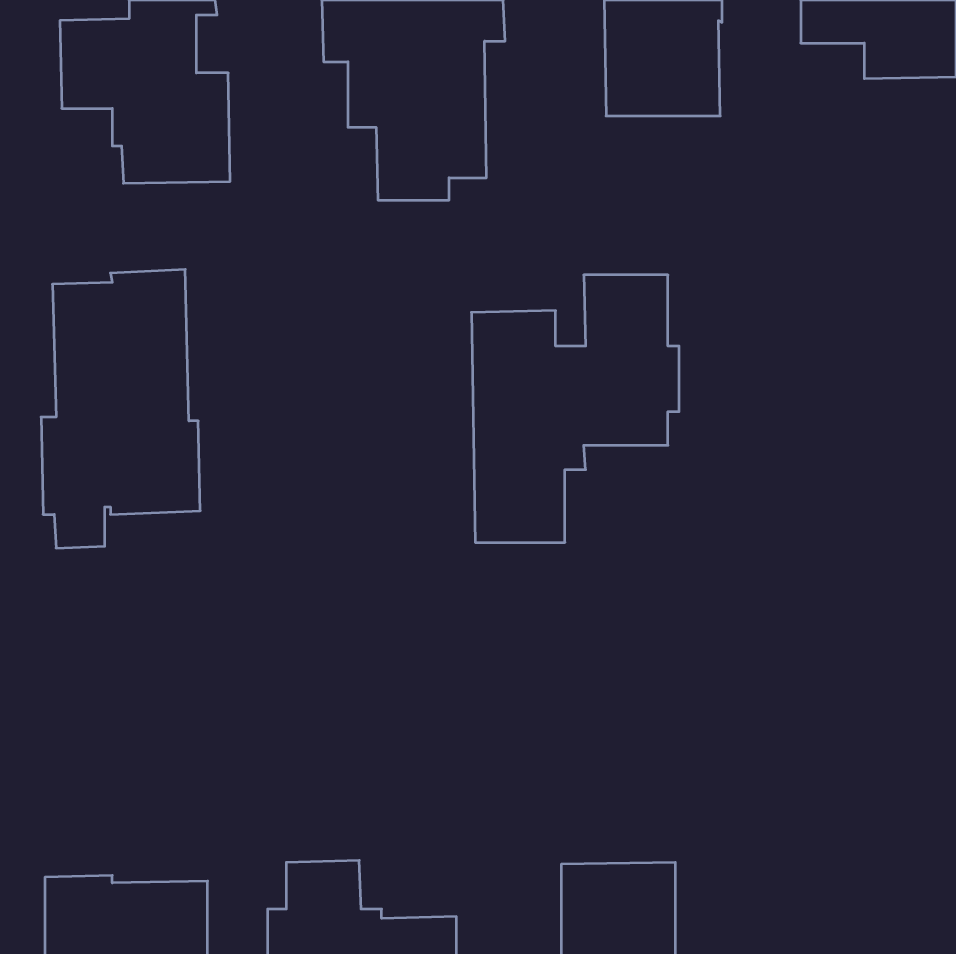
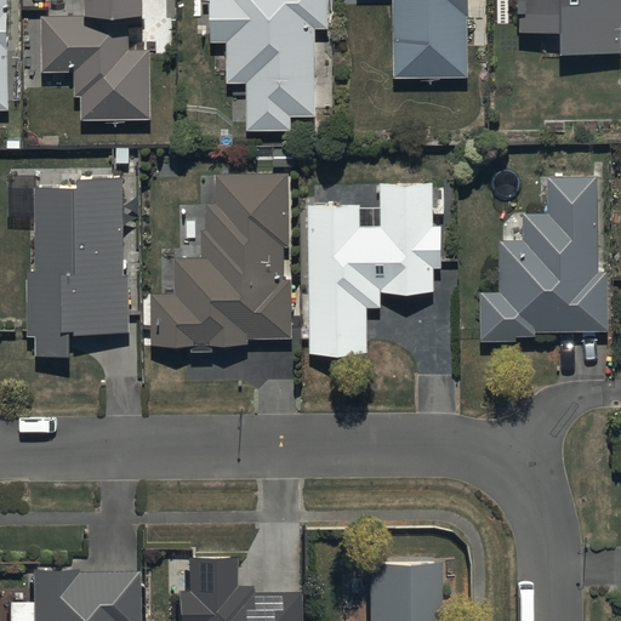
building: none -> [150,171,291,348]
building: none -> [479,176,606,341]

